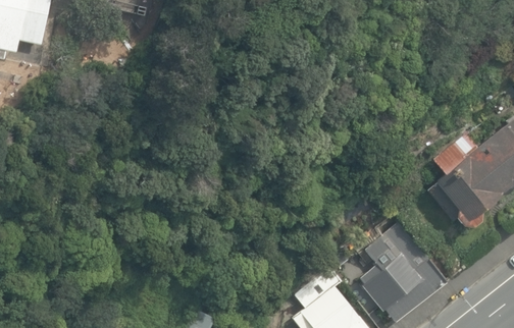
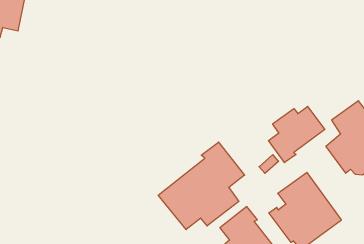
building: none -> [268,106,325,163]
building: none -> [158,142,245,230]

